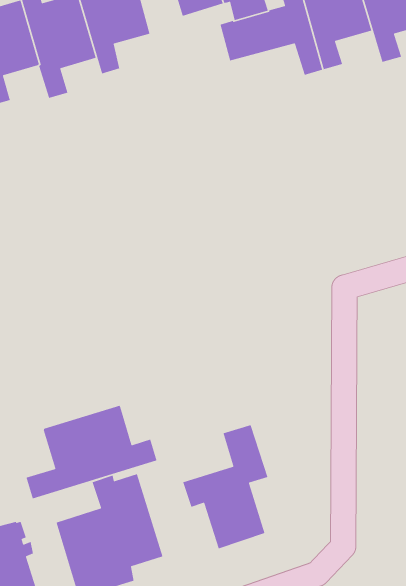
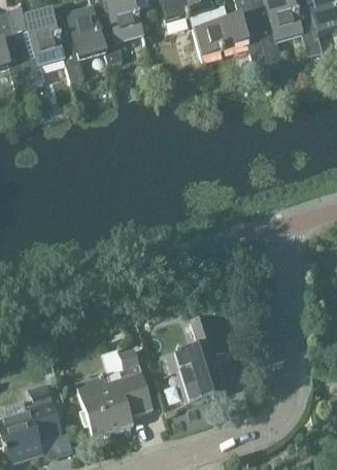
building: [25,405,158,500] -> none

